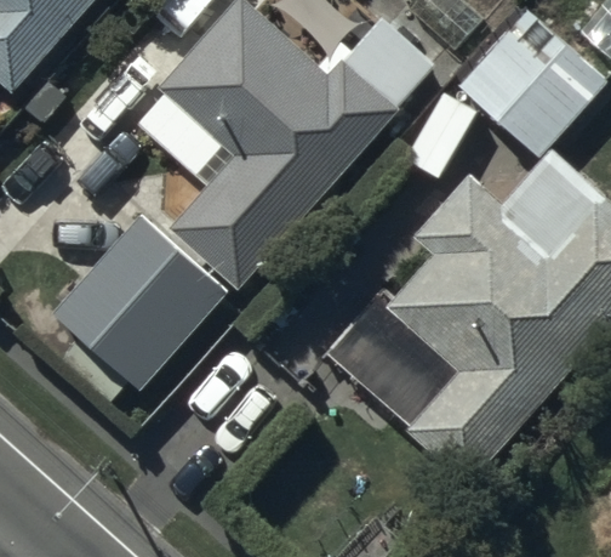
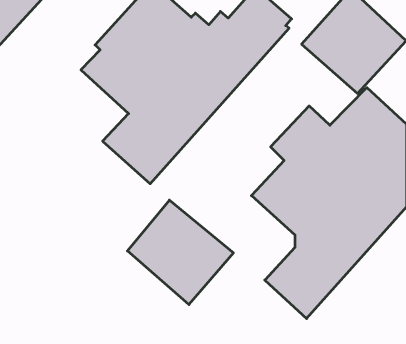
building: [50,214,229,394] -> none
building: none -> [127,200,233,305]

